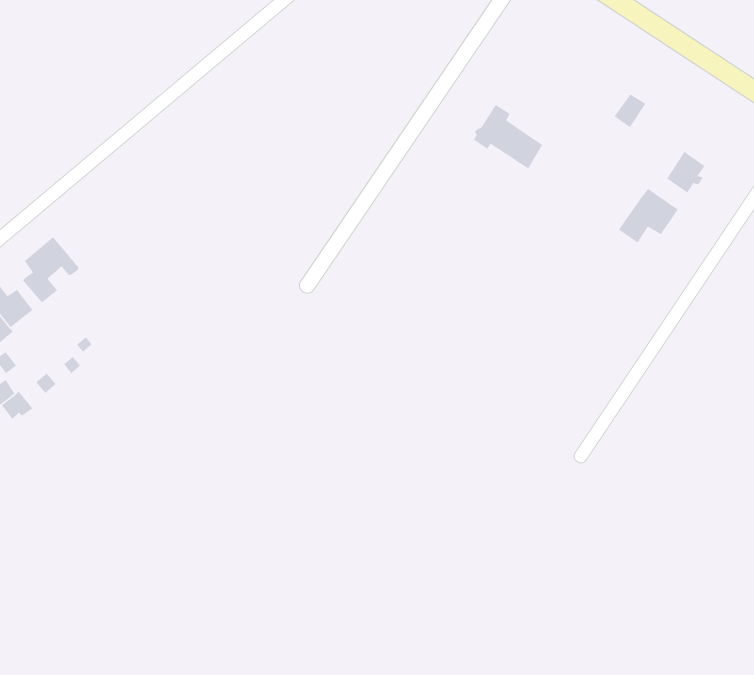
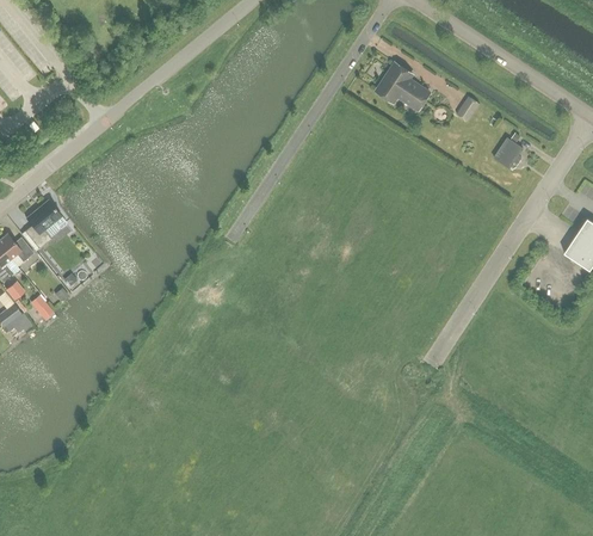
building: [473,104,543,169] -> [378,62,430,110]
building: [618,188,679,243] -> none

